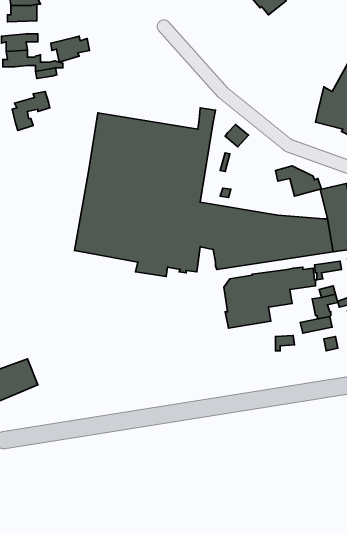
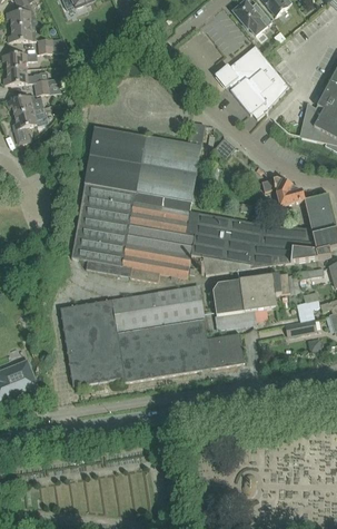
building: none -> [214,43,288,117]
building: [51,36,90,62] -> [7,92,43,117]
building: none -> [60,284,244,384]

